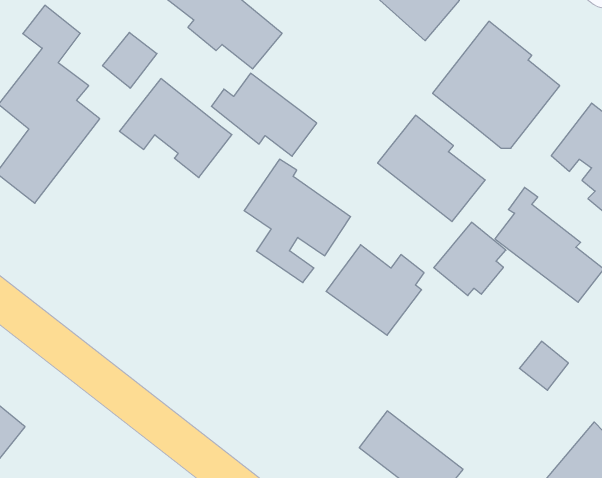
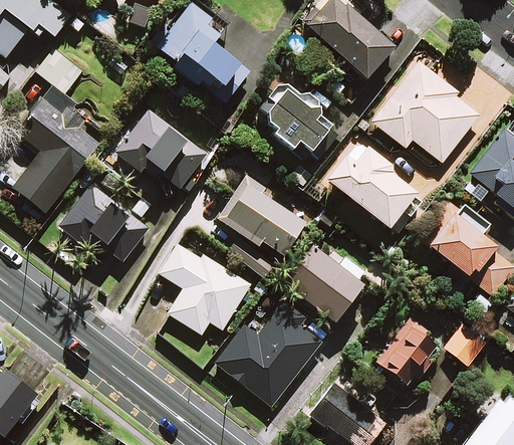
building: [103,32,157,88] -> none
building: [211,73,317,156] -> [254,89,340,158]
building: none -> [62,181,145,258]
building: [434,222,506,296] -> [376,321,436,382]
building: none -> [161,245,249,333]
building: none -> [216,302,320,405]

